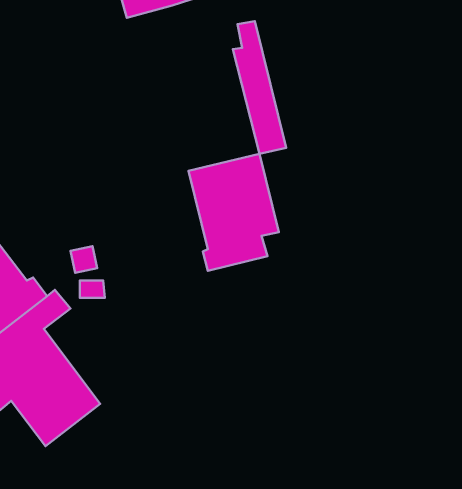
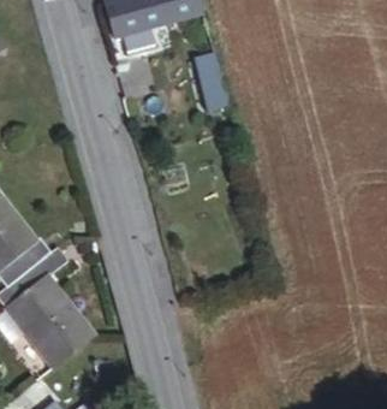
building: [189,154,279,271] -> none

